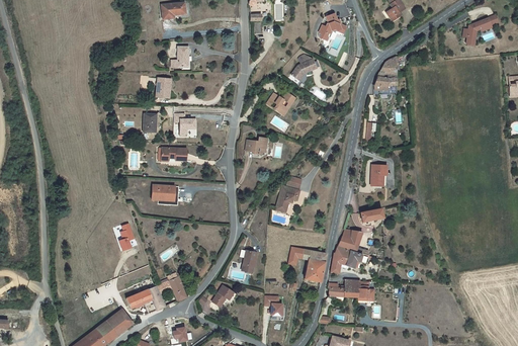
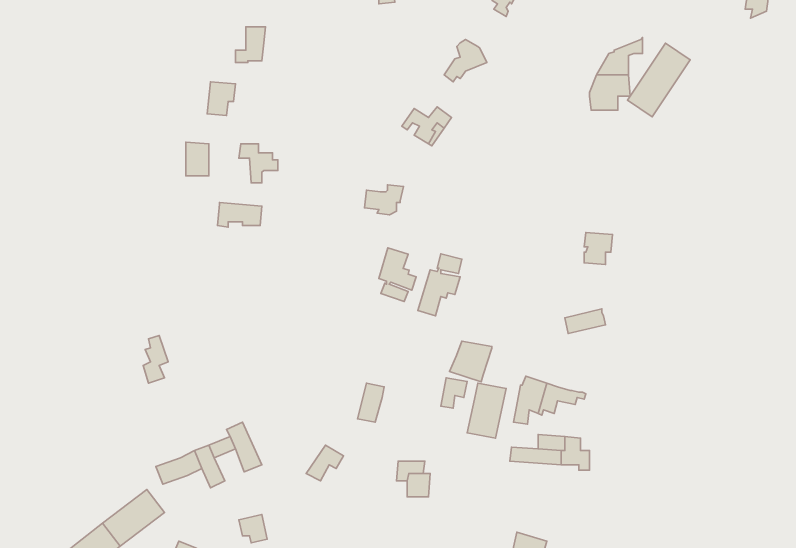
building: none -> [628,43,690,117]
building: none -> [379,248,416,302]
building: [152,184,179,204] -> none
building: [338,228,362,251] -> [449,341,492,382]

